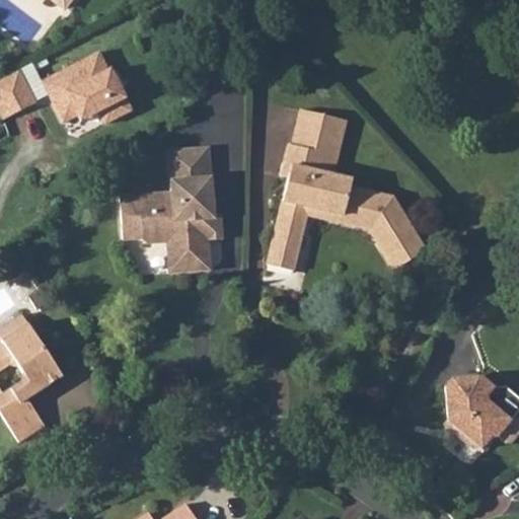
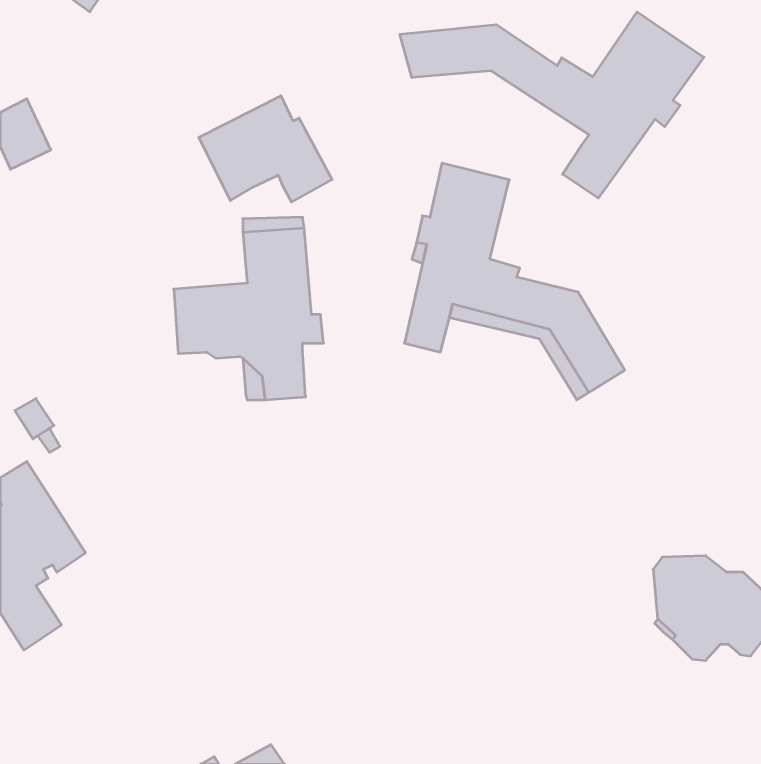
building: none -> [400,12,704,198]
building: [46,50,136,122] -> [199,96,332,202]
building: [269,232,301,272] -> none

